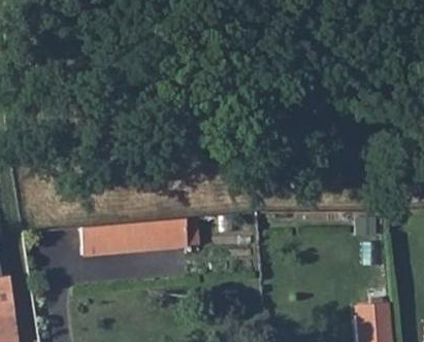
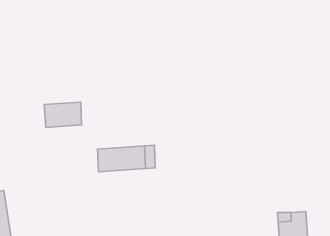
building: [80,224,128,255] -> [44,102,81,127]

